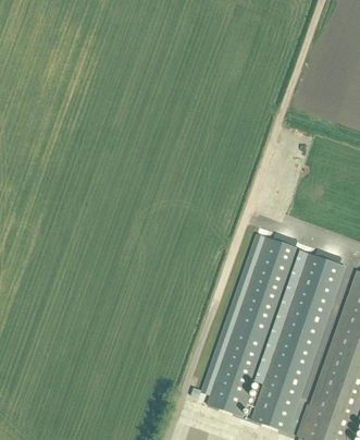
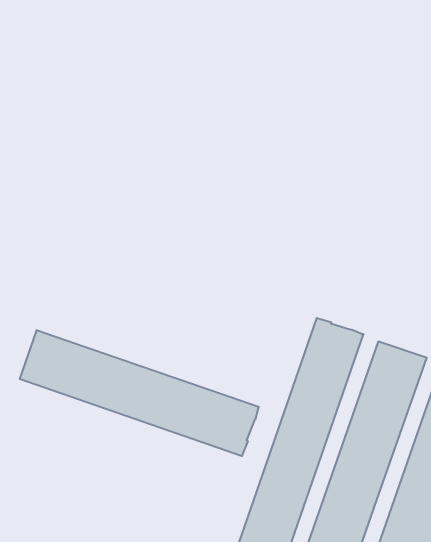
building: none -> [20,330,259,456]

